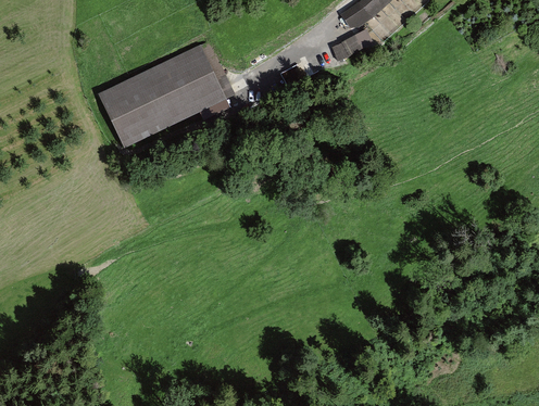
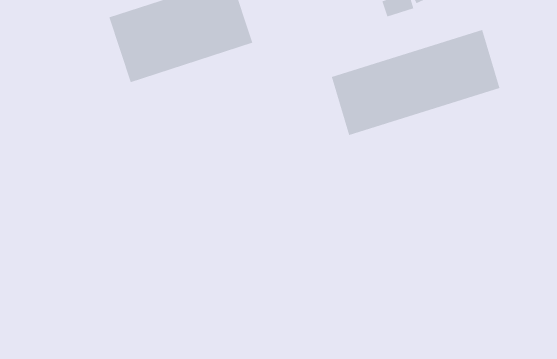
building: none -> [331,29,500,136]

